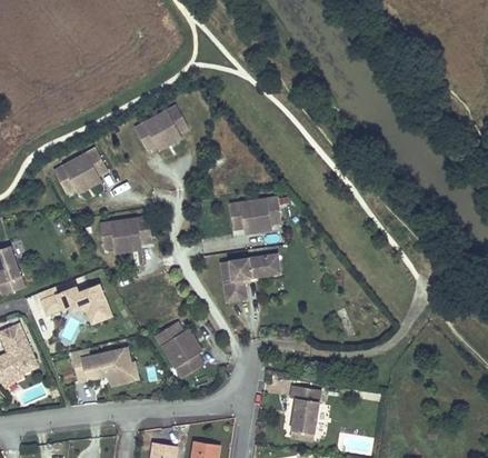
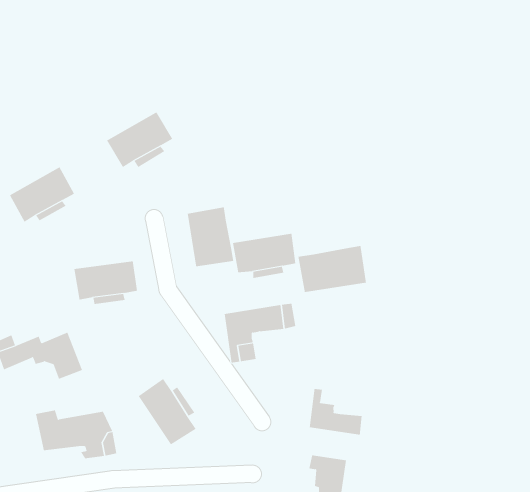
building: none -> [187,207,234,267]
building: none -> [298,245,366,293]
building: none -> [309,388,362,436]

